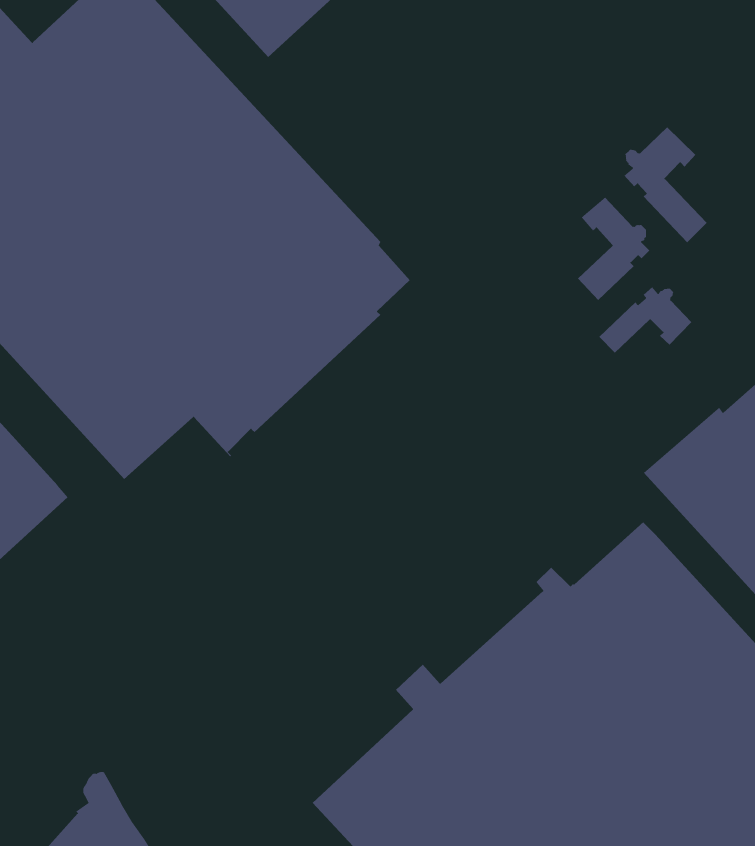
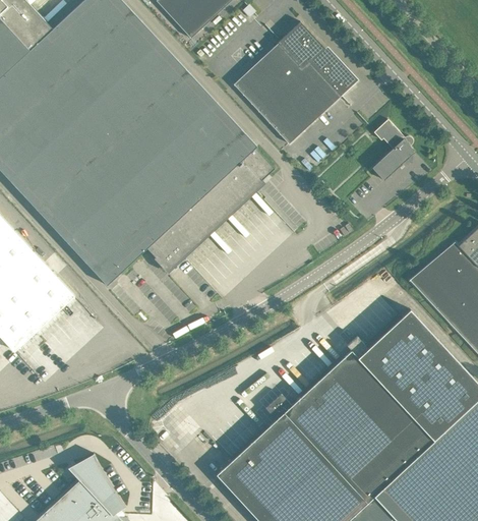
building: none -> [234,22,358,144]
building: [624,126,707,243] -> none
building: [598,286,692,354] -> none

